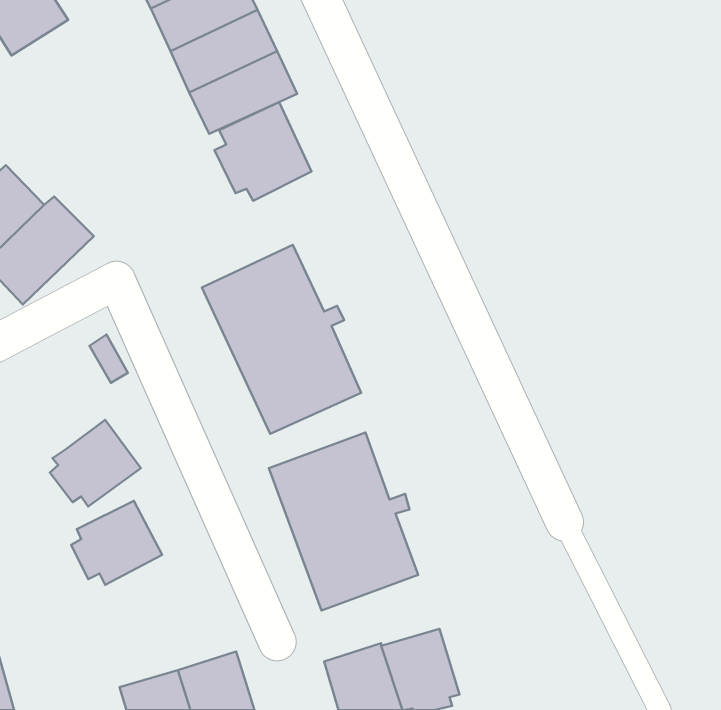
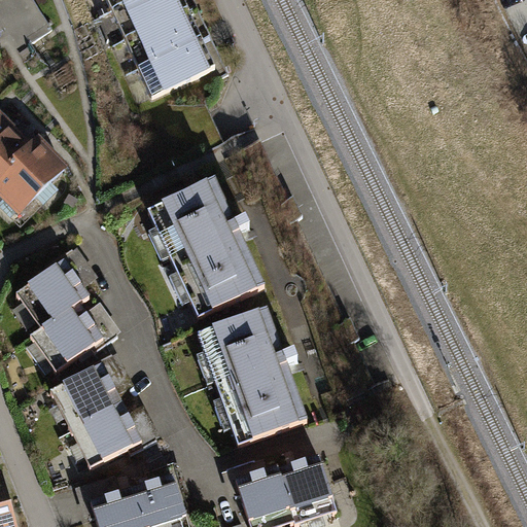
building: [215,102,312,201] -> none
building: none -> [21,260,87,325]
building: none -> [71,401,138,462]

